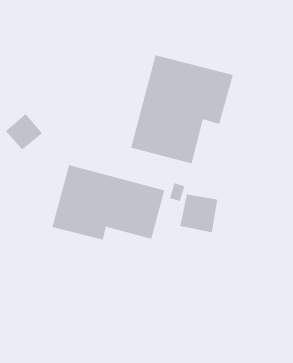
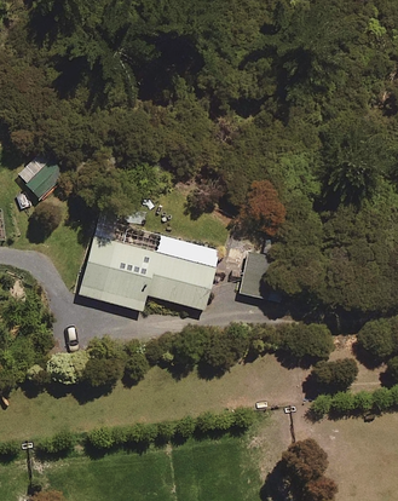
building: [130,54,233,164] -> none

